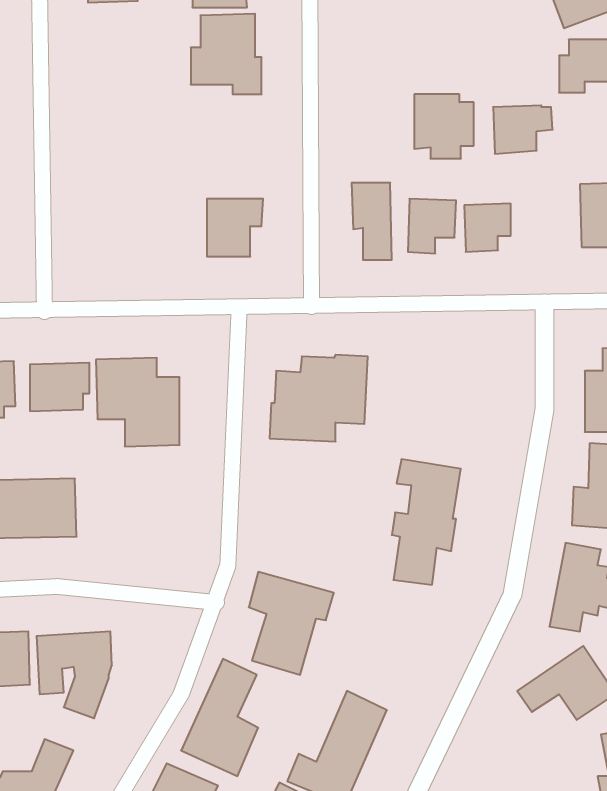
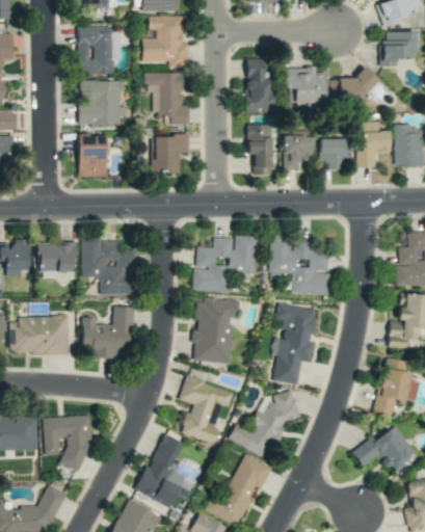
building: none -> [77,26,121,75]
building: none -> [246,59,272,113]
building: none -> [143,72,189,125]
building: none -> [79,80,124,126]
building: none -> [356,122,390,167]
building: none -> [78,134,107,178]
building: none -> [269,237,329,295]
building: none -> [193,298,238,363]
building: none -> [82,307,133,358]
building: none -> [228,390,299,457]

